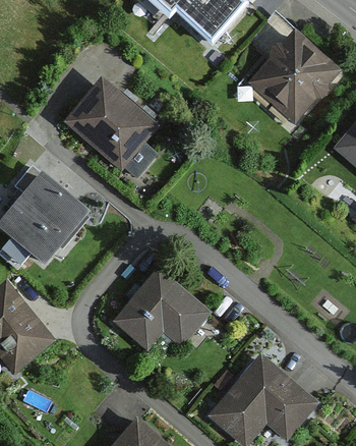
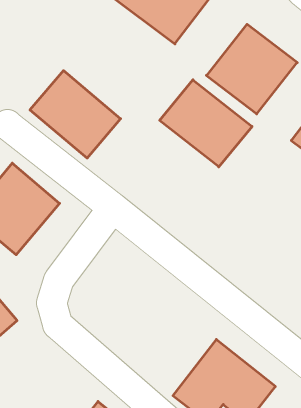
building: none -> [160,80,252,167]
building: [117,273,207,348] -> none

